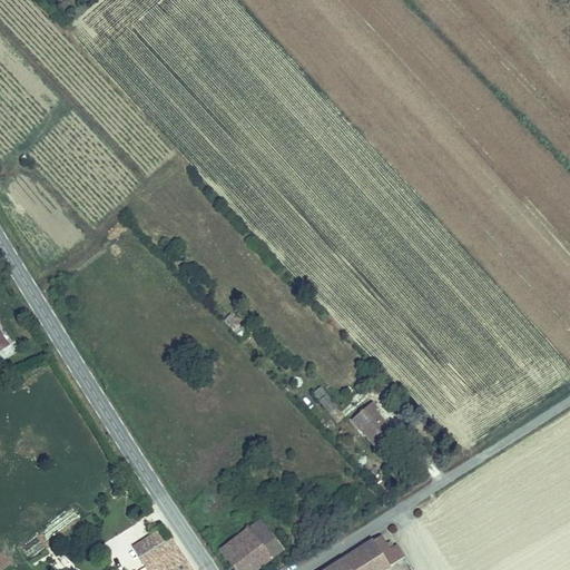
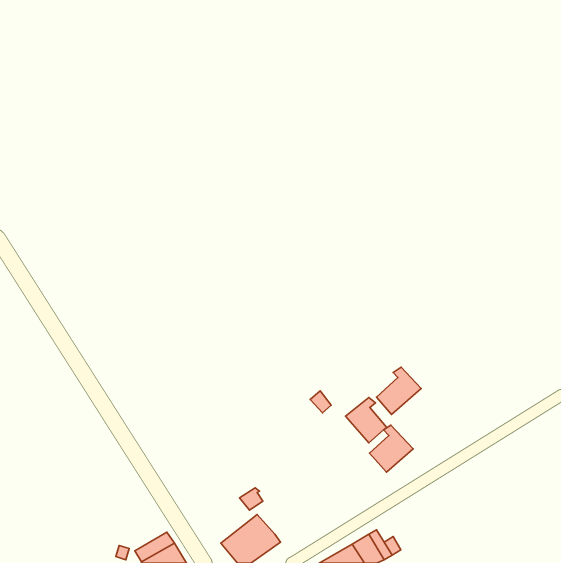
building: none -> [376,367,421,414]
building: none -> [370,425,413,472]

